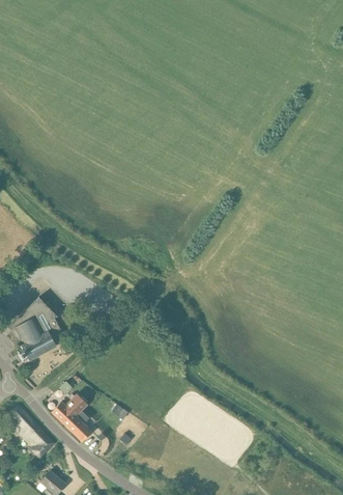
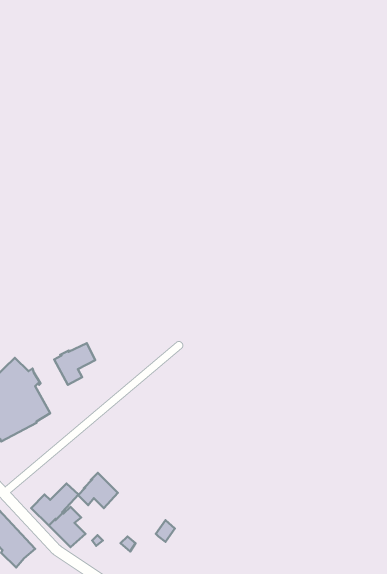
building: none -> [54,343,95,385]
building: none -> [78,473,118,508]

